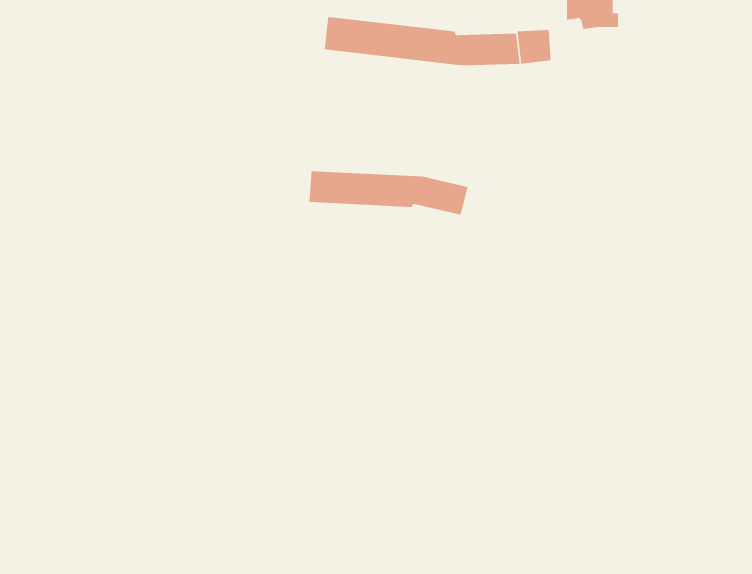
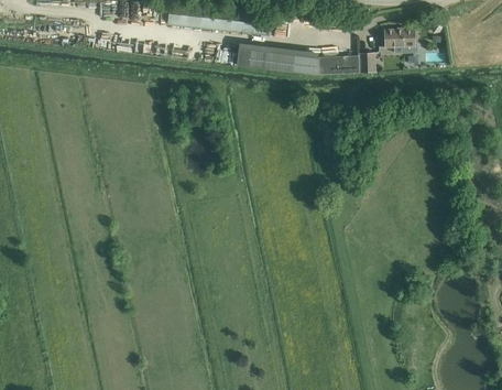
building: [309,171,468,215] -> none

